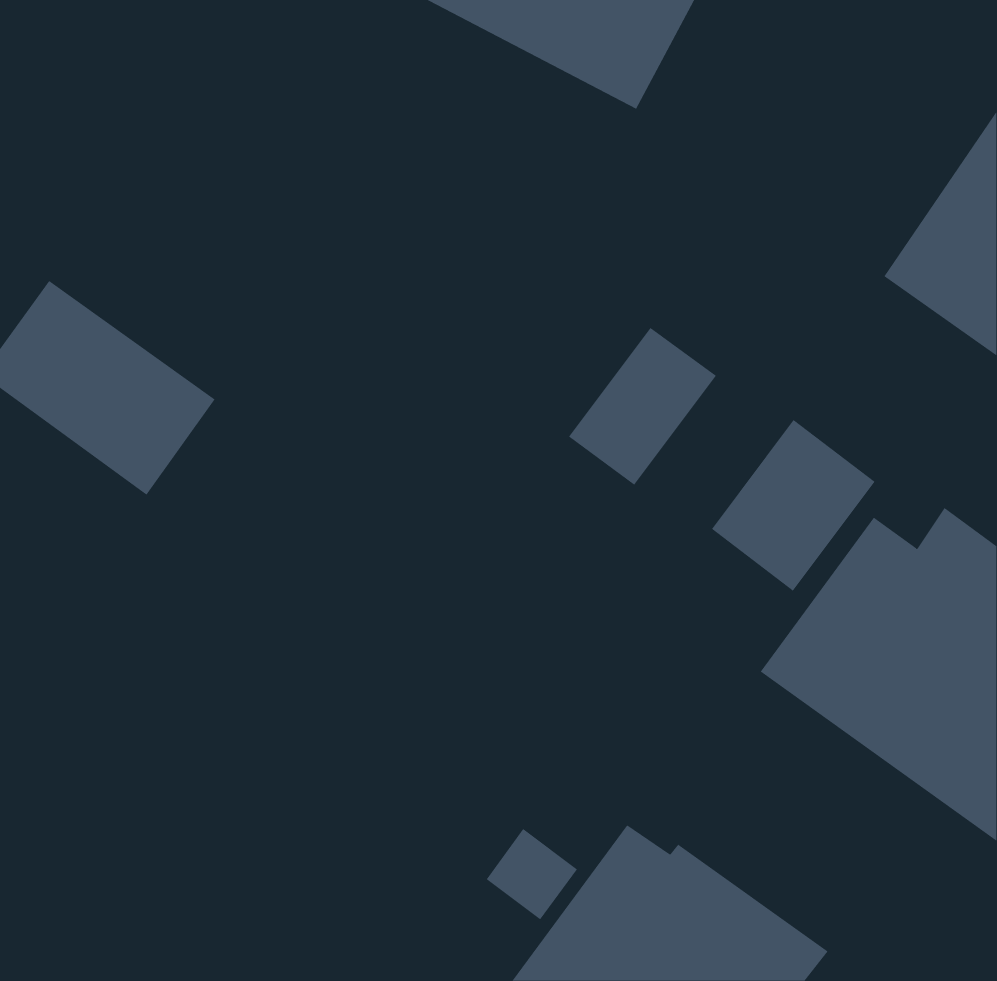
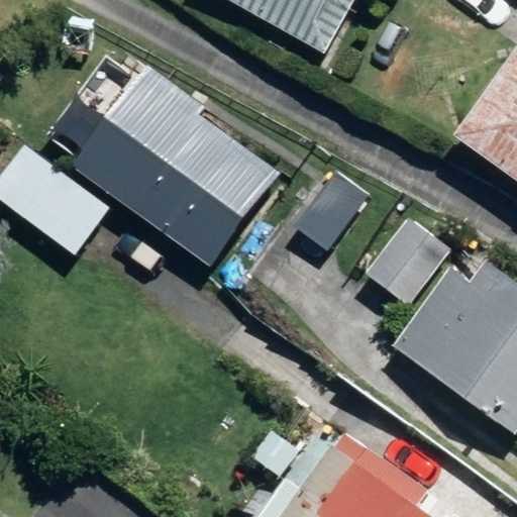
building: none -> [76,63,282,266]

